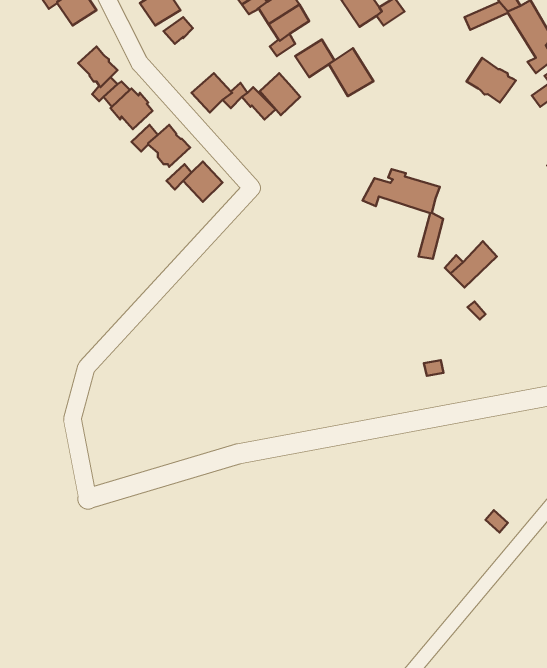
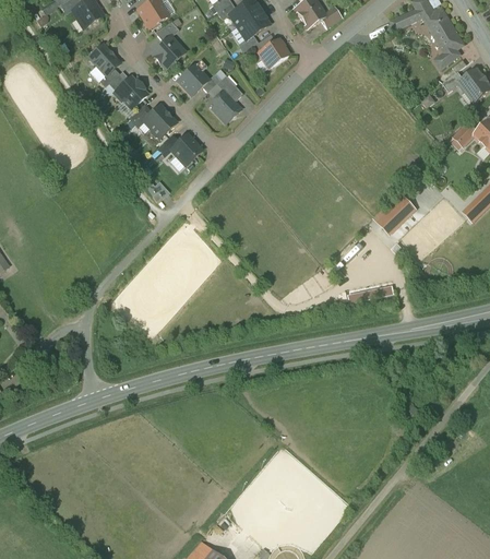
building: none -> [152,36,183,68]
building: [329,48,373,96] -> none
building: [466,58,516,103] -> none
building: [260,73,300,115] -> [208,90,240,122]
building: [363,169,443,259] -> none

